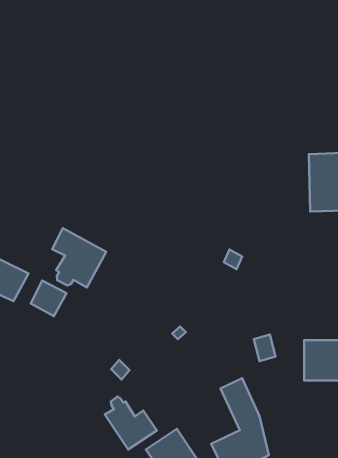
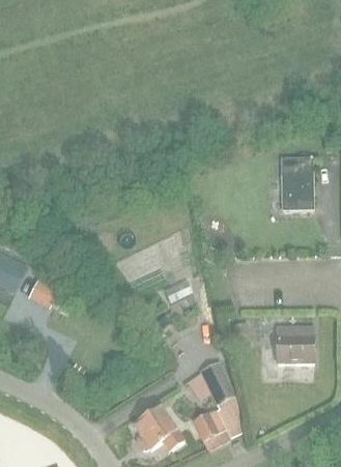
building: [52,228,106,288] -> none
building: [105,397,157,450] -> none

